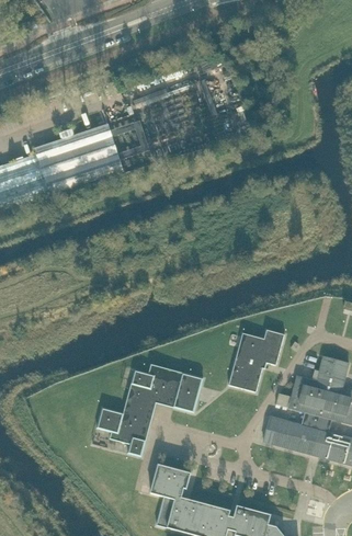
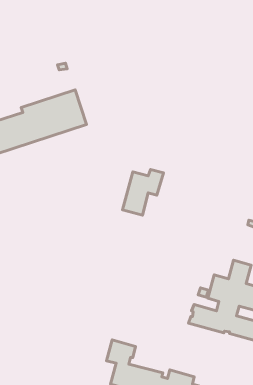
building: [228,329,284,391] -> [122,169,163,215]
building: [96,363,203,456] -> none

